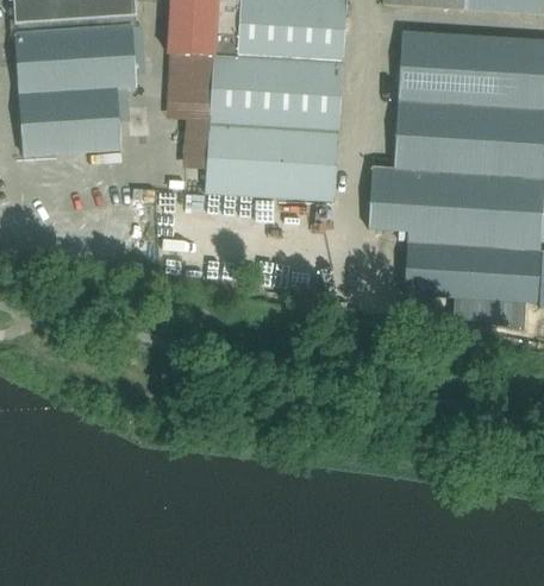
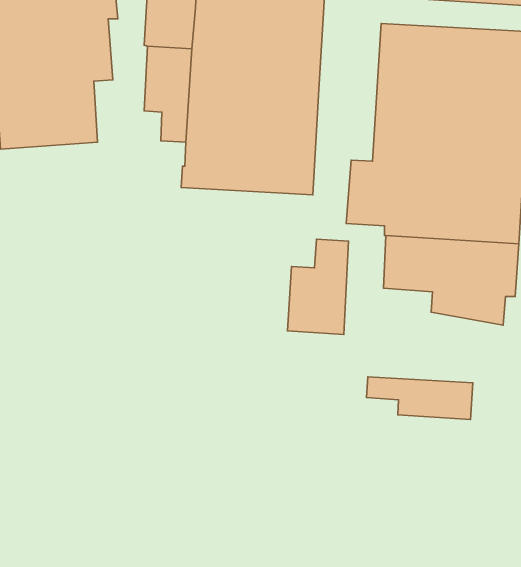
building: none -> [287,239,349,335]
building: none -> [366,377,473,419]

